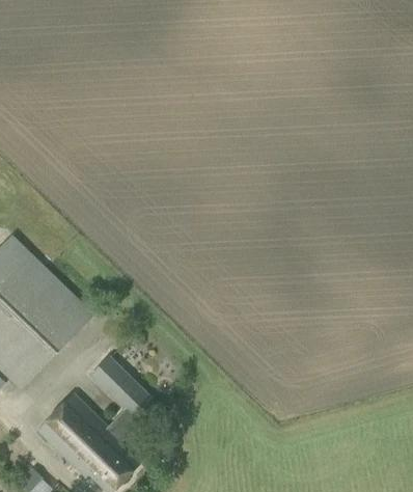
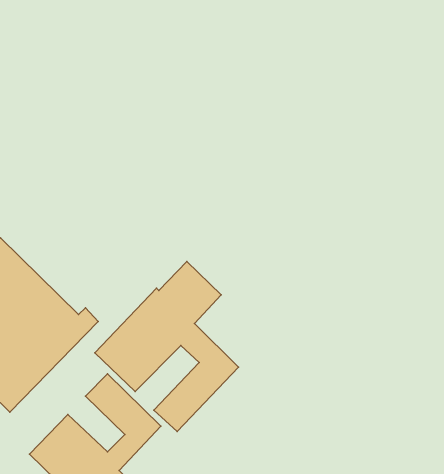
building: none -> [95,262,239,432]

